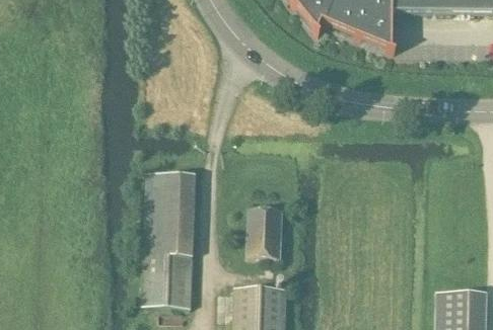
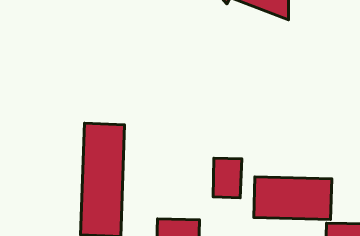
building: [248,209,282,256] -> [213,158,242,198]
building: none -> [254,177,332,220]

